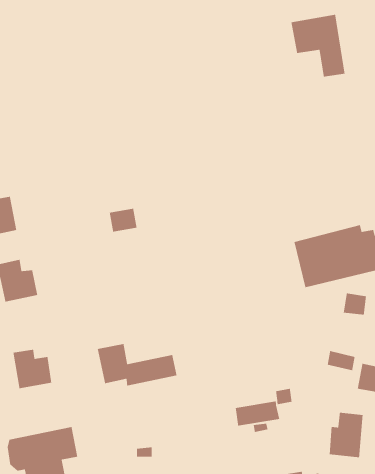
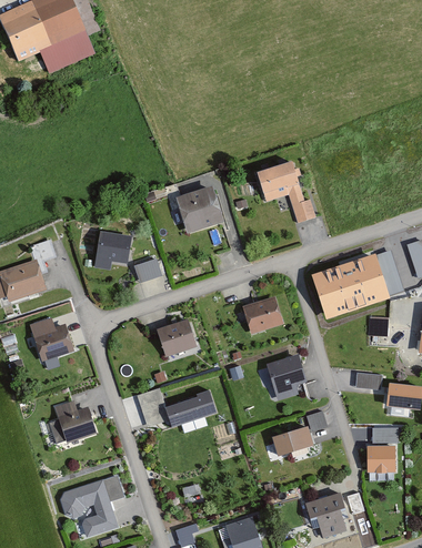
building: [291,14,346,78] -> [257,160,314,222]
building: none -> [177,186,223,233]
building: none -> [90,230,132,271]
building: none -> [243,293,284,333]
building: none -> [159,318,198,354]
building: none -> [264,353,309,400]

